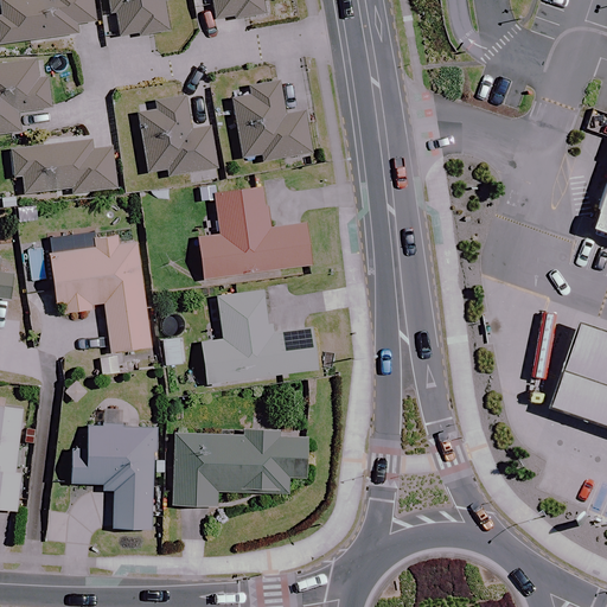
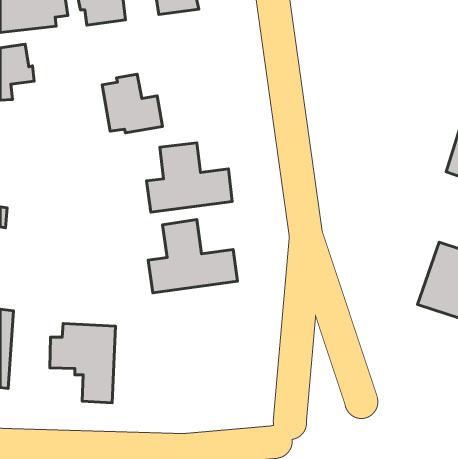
building: [234,82,314,160] -> none
building: [12,139,116,193] -> none
building: [49,235,152,351] -> none
building: [173,432,307,505] -> none

